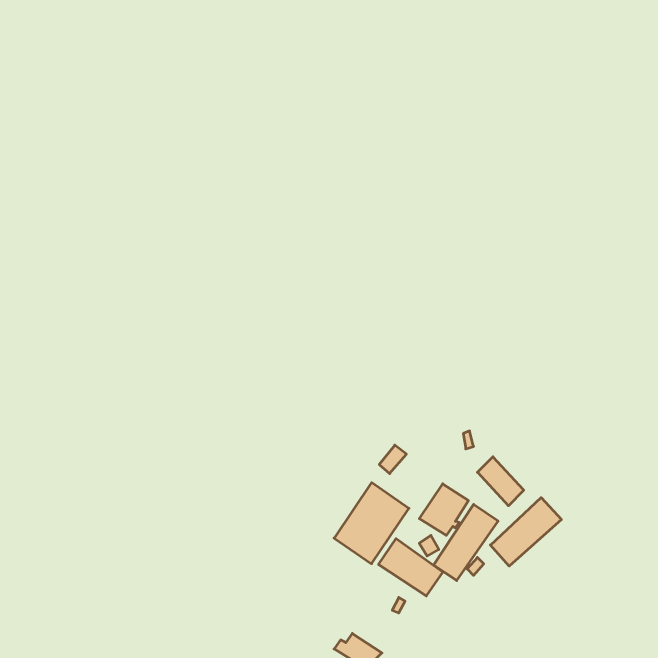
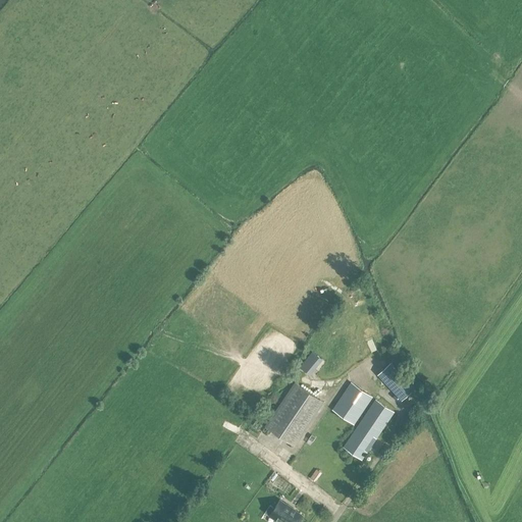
building: [490,498,561,566] -> none
building: [379,539,443,596] -> none

